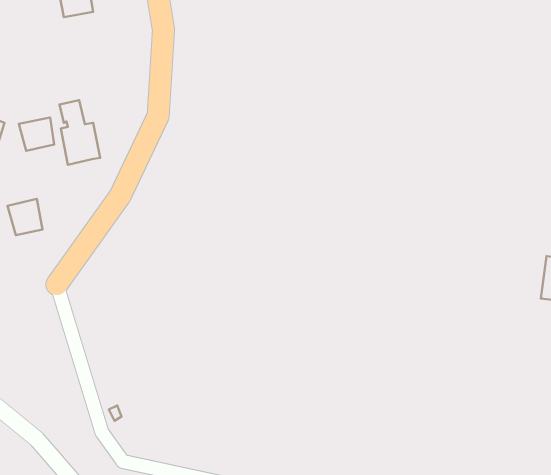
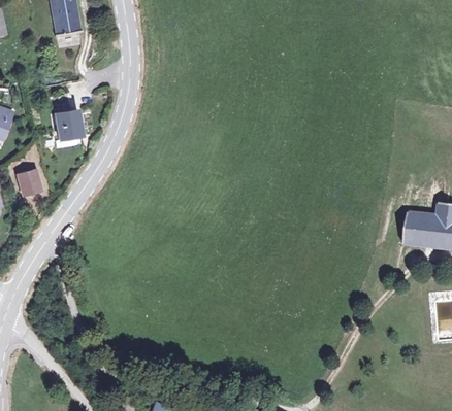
building: [19,117,54,151] -> none

